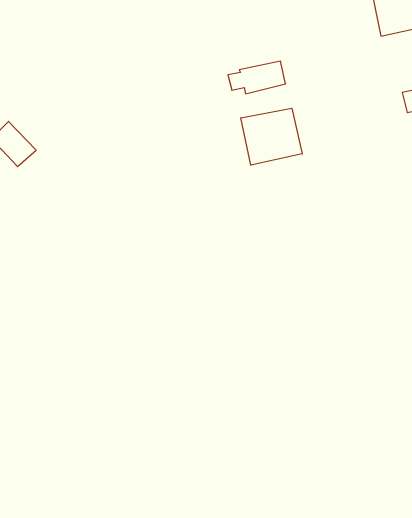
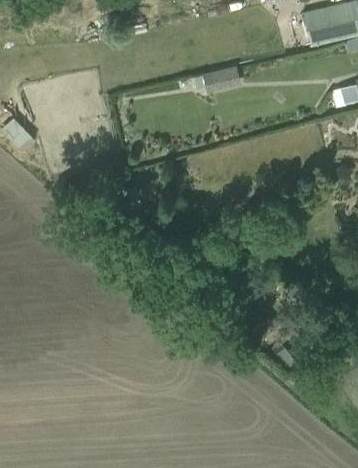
building: [241,108,302,165] -> none

